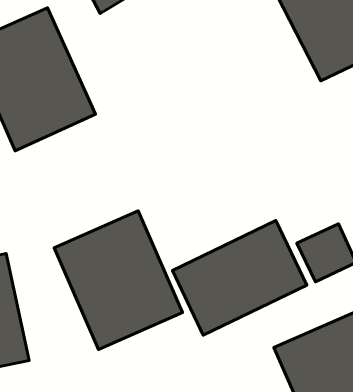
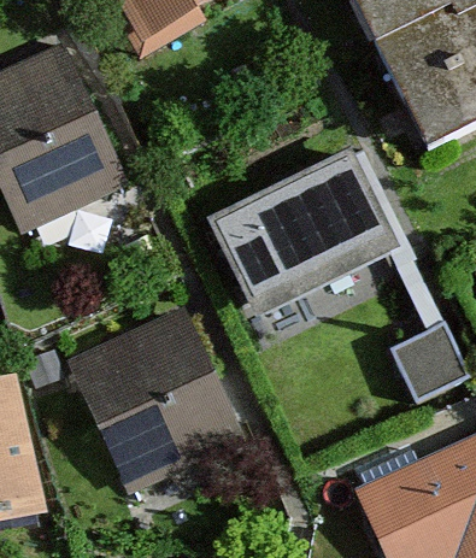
building: none -> [202,145,400,311]
building: [172,220,307,335] -> none

